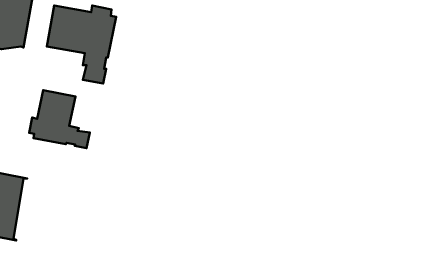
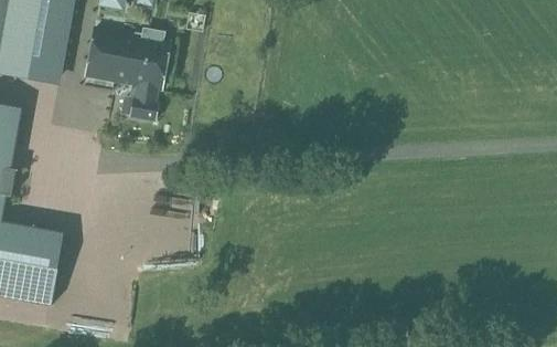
building: [29,90,90,148] -> none

